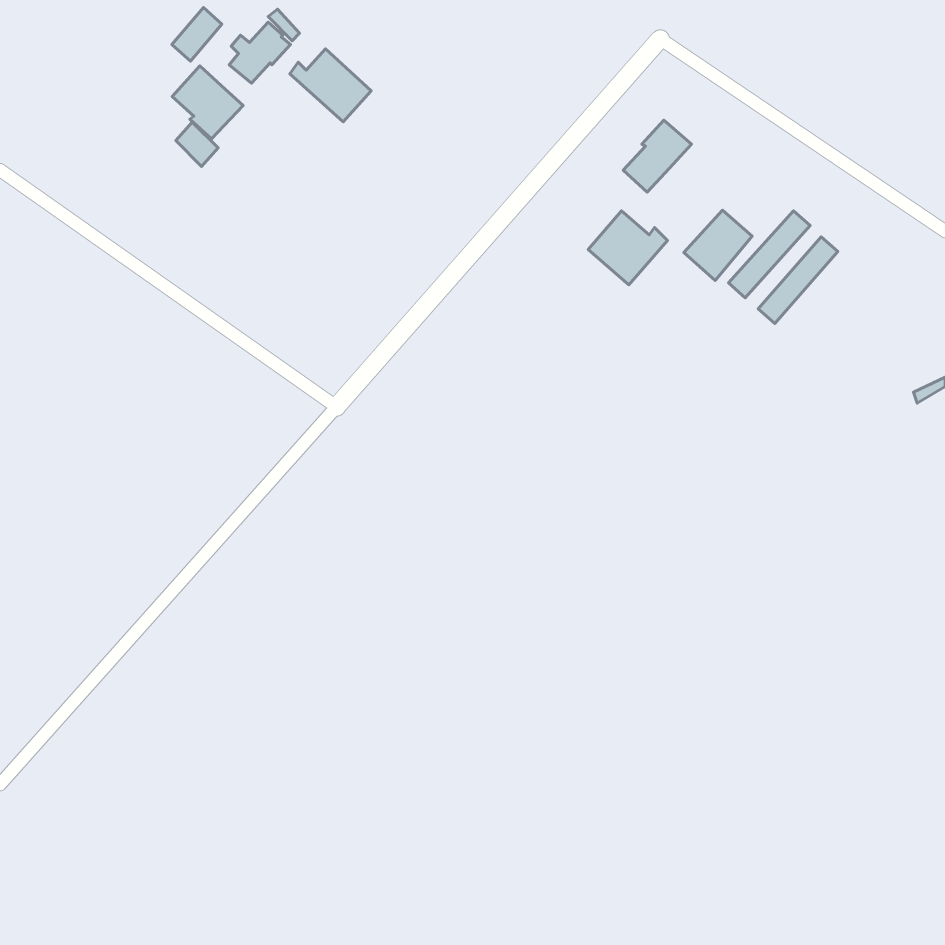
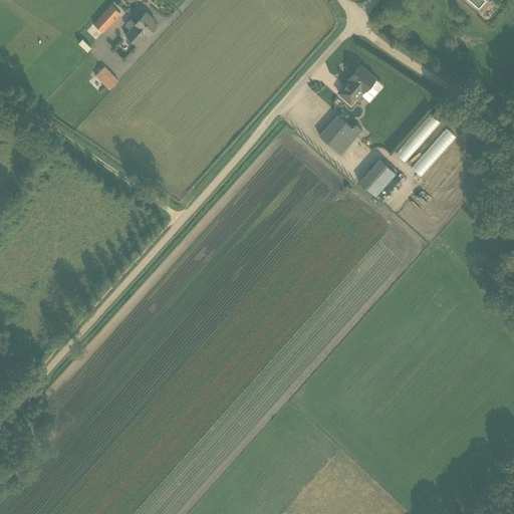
building: [290,49,371,122] -> none
building: [172,66,243,139] -> none
building: [684,210,752,280] -> [358,159,396,197]

